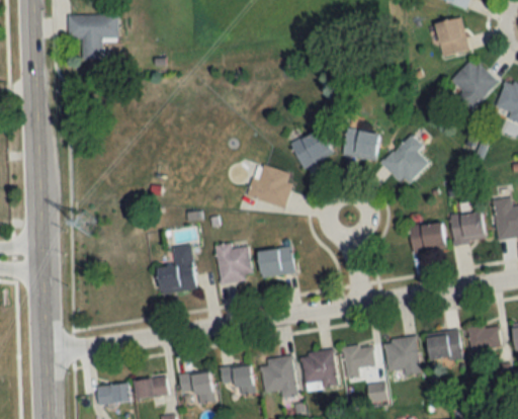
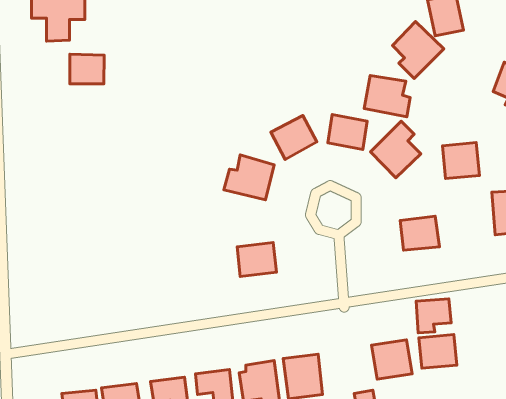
building: [451,58,499,110] -> [392,22,444,78]
building: none -> [70,54,104,84]
building: none -> [364,76,410,117]
building: [451,212,486,245] -> [442,143,480,179]
building: [215,243,253,282] -> none
building: [157,244,196,294] -> none
building: [468,326,501,357] -> [416,299,451,333]
building: [343,345,375,380] -> none

